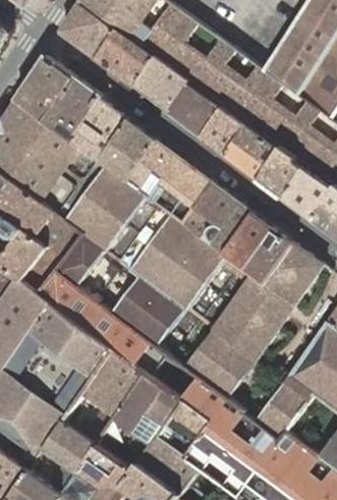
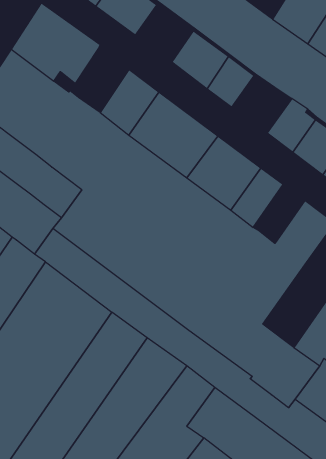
building: [133,57,188,111] -> none
building: [71,98,127,159] -> none
building: [225,124,282,178] -> none
building: [245,227,294,283] -> none

